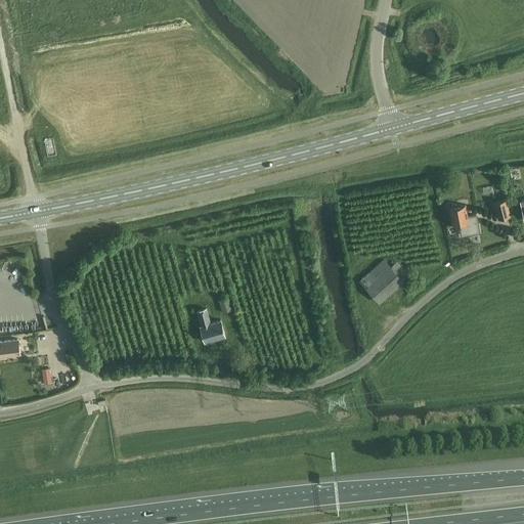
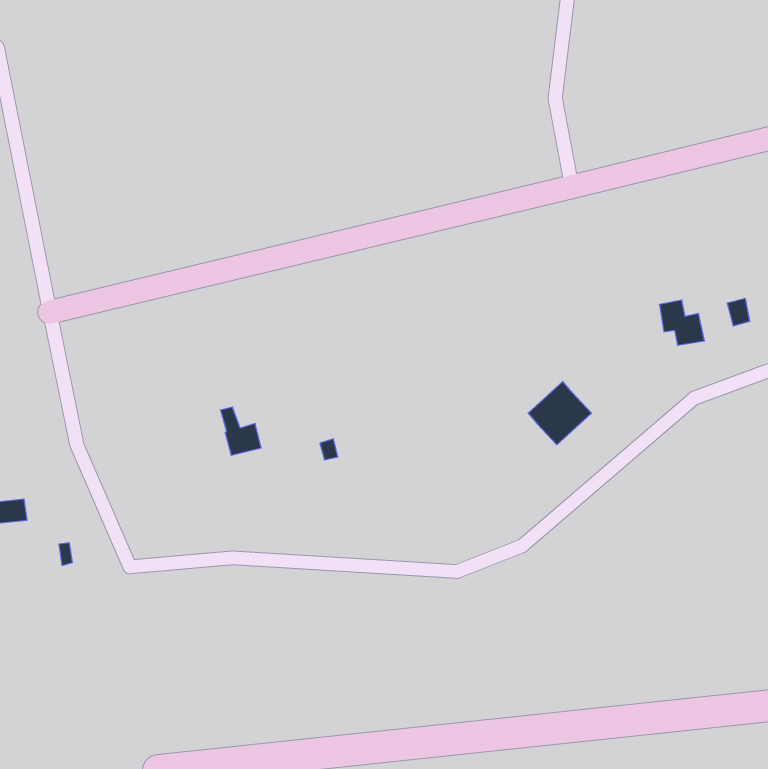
building: [195,309,223,342] -> [220,407,261,455]

